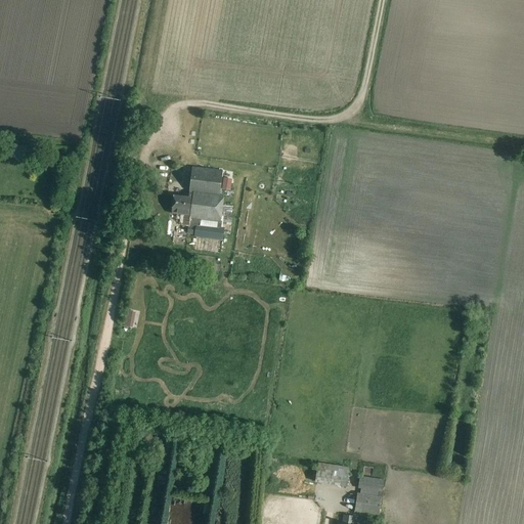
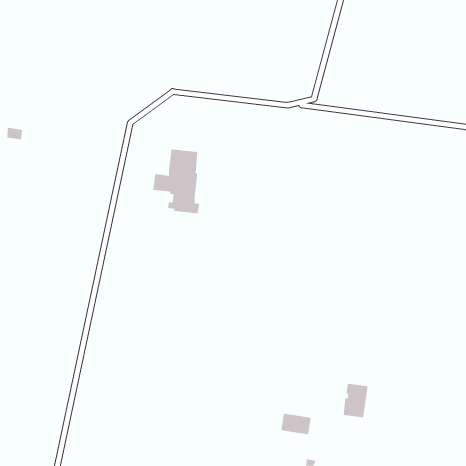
building: [355,476,384,515] -> [343,383,368,418]

